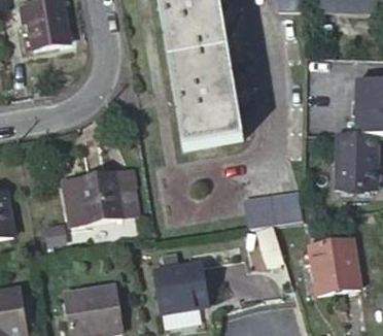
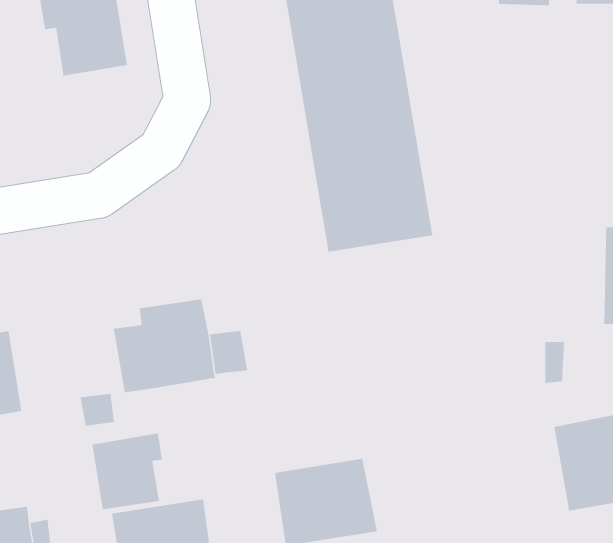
building: [242,193,301,230] -> none
building: none -> [92,432,163,510]

